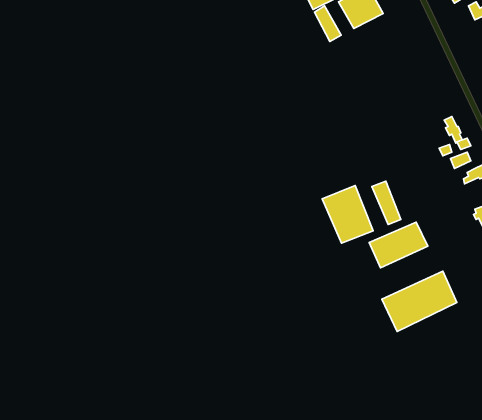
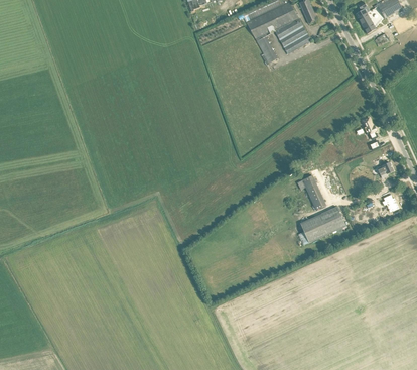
building: [322,186,373,243] -> none
building: [382,271,457,331] -> none

